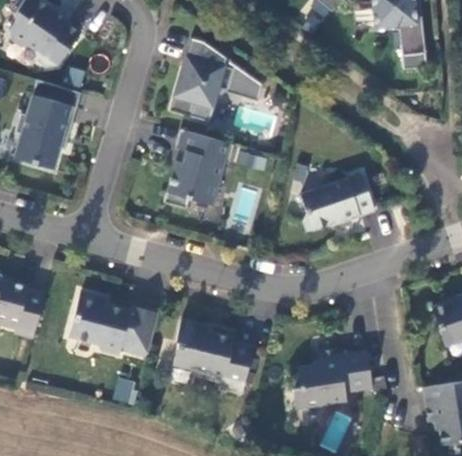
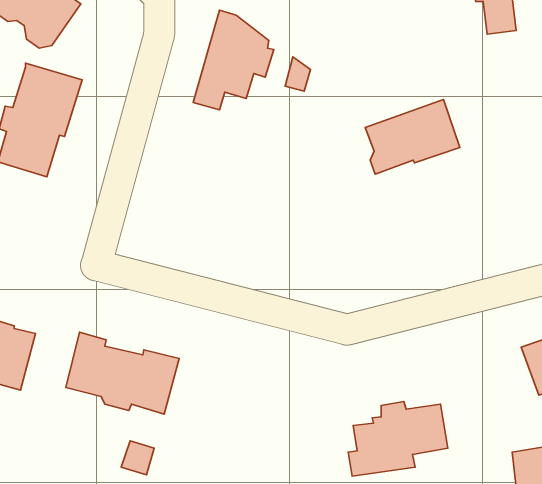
building: [164,130,234,210] -> none
building: [296,172,371,231] -> [365,100,460,174]
building: [173,321,253,394] -> none

